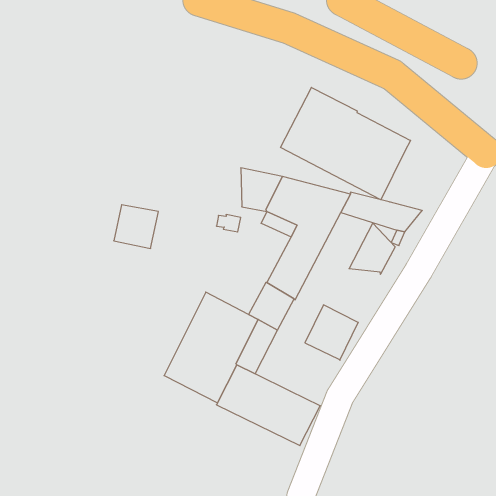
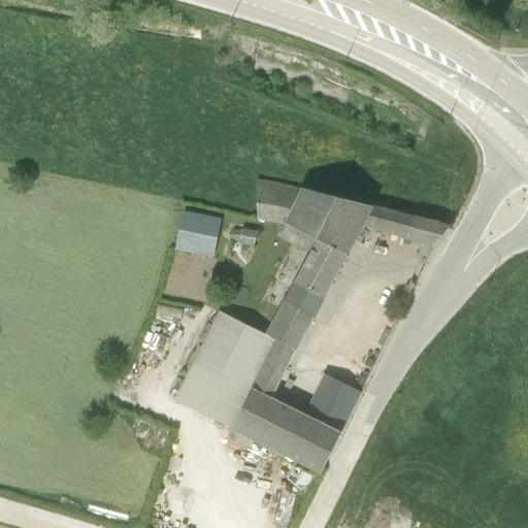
building: [281,87,411,200] -> none
building: [114,205,158,248] -> [173,210,221,257]
building: [349,223,395,274] -> none
building: [305,305,358,360] -> [304,373,361,432]

